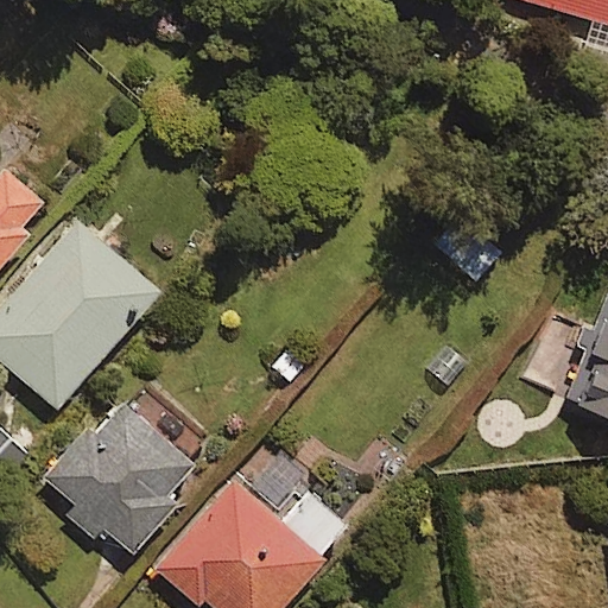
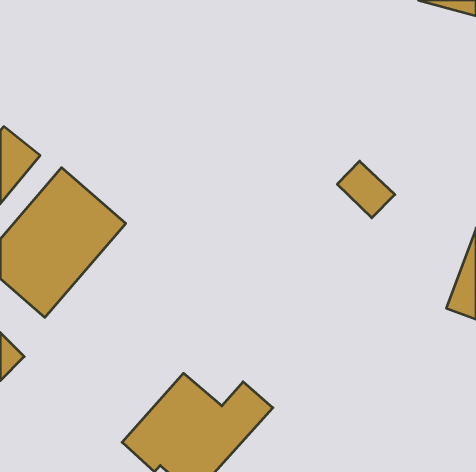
building: [40,392,201,559] -> none

